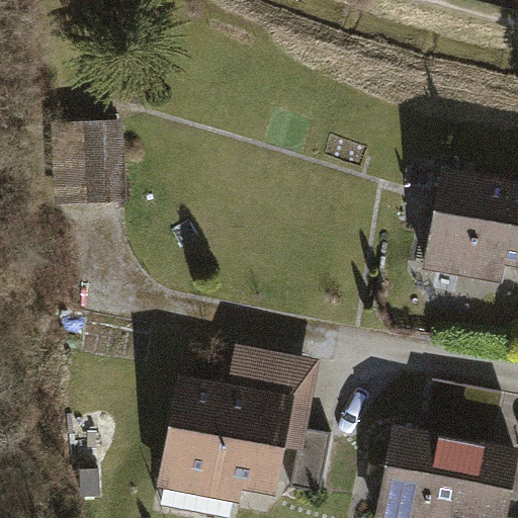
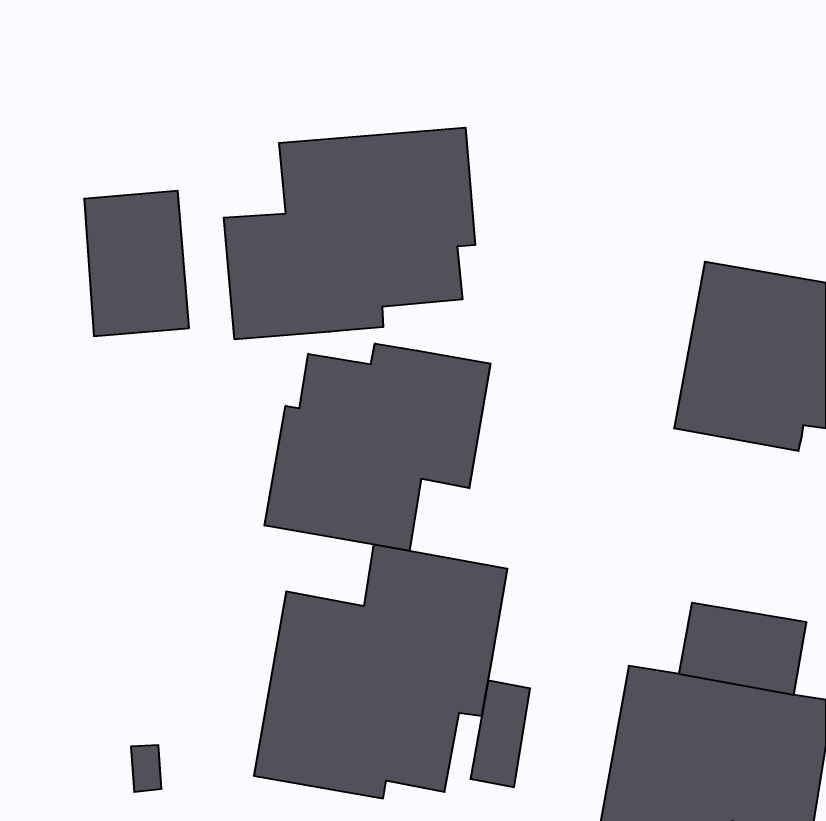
building: none -> [224,128,475,339]
building: none -> [264,343,491,551]

